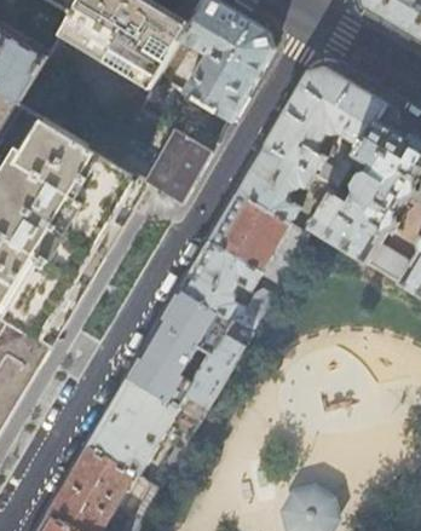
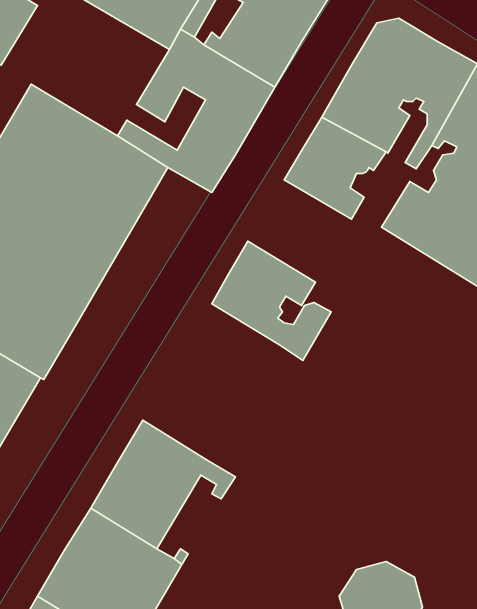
building: [208,192,307,282] -> none
building: [127,288,243,410] -> none

